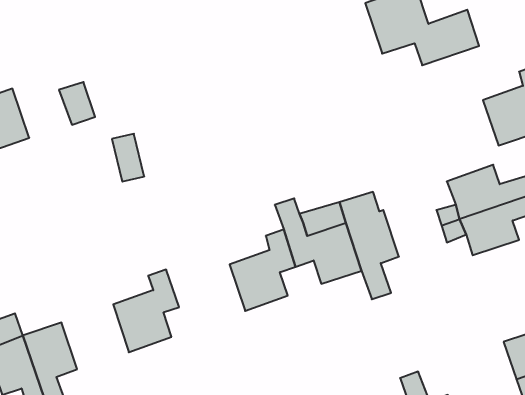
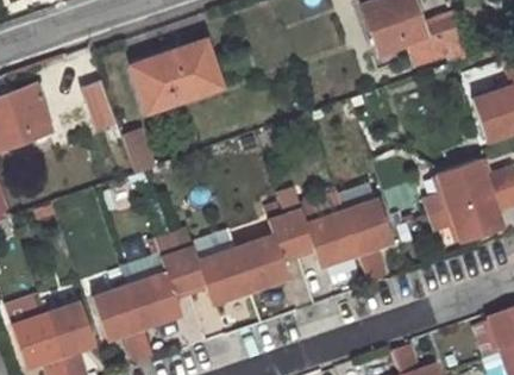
building: none -> [133,44,220,113]
building: none -> [178,246,251,304]
building: none -> [95,285,152,361]

